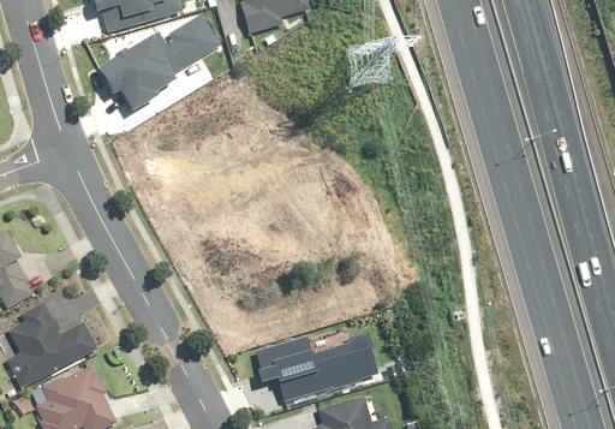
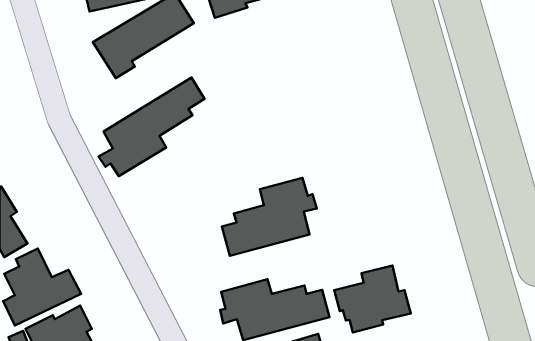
building: none -> [98,78,205,176]
building: none -> [222,178,317,256]
building: none -> [334,266,411,333]

